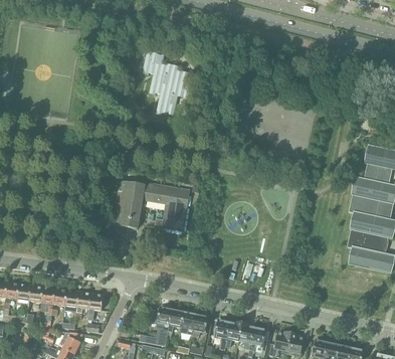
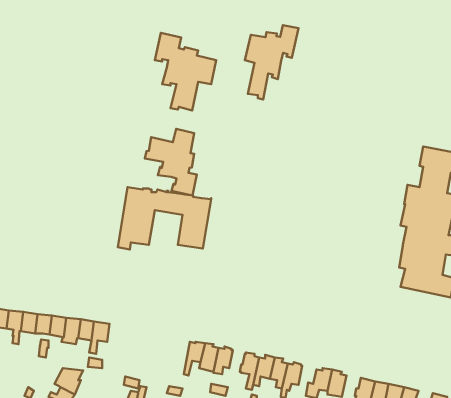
building: none -> [245,25,298,100]
building: none -> [145,129,197,196]
building: [145,305,172,345] -> none

